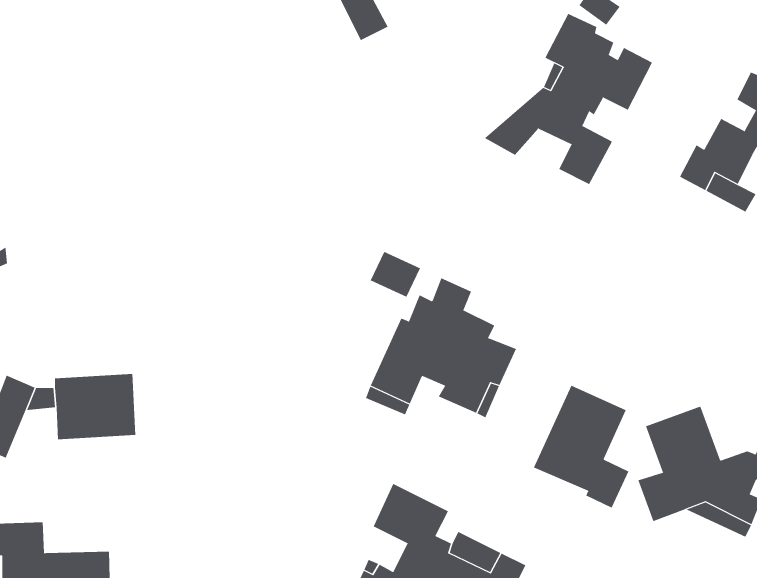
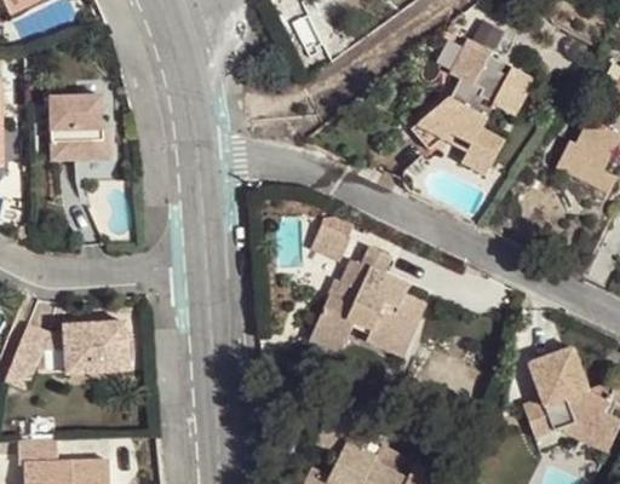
building: none -> [51,98,110,162]
building: [533,385,629,508] -> none

